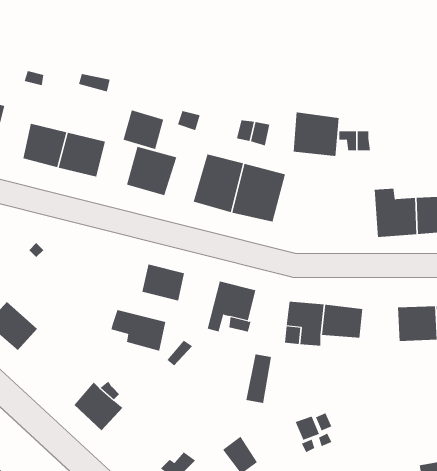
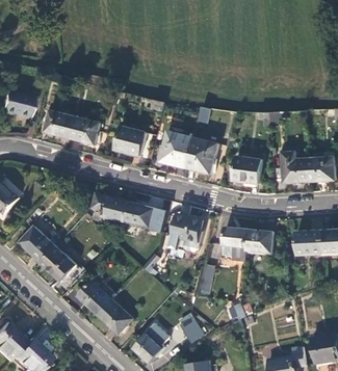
building: [123,109,164,150] -> none
building: [293,112,339,157] -> [236,153,267,183]
building: [111,310,166,351] -> [95,193,132,221]
building: none -> [44,239,79,280]
building: none -> [101,298,136,333]

